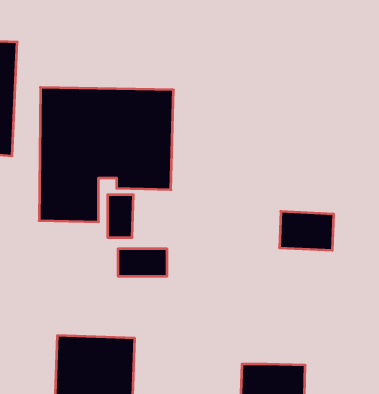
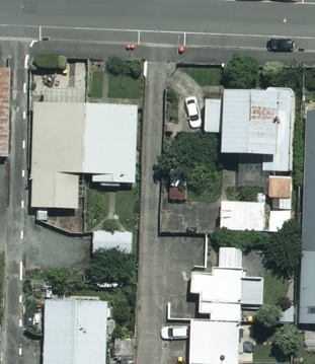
building: none -> [204,90,294,169]
building: none -> [191,246,262,320]

